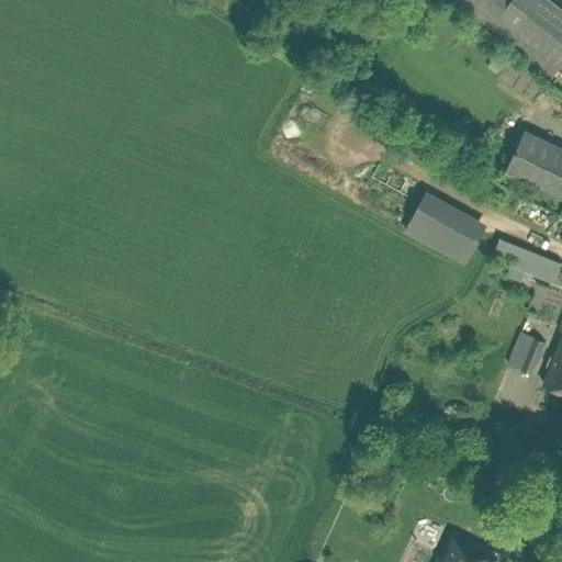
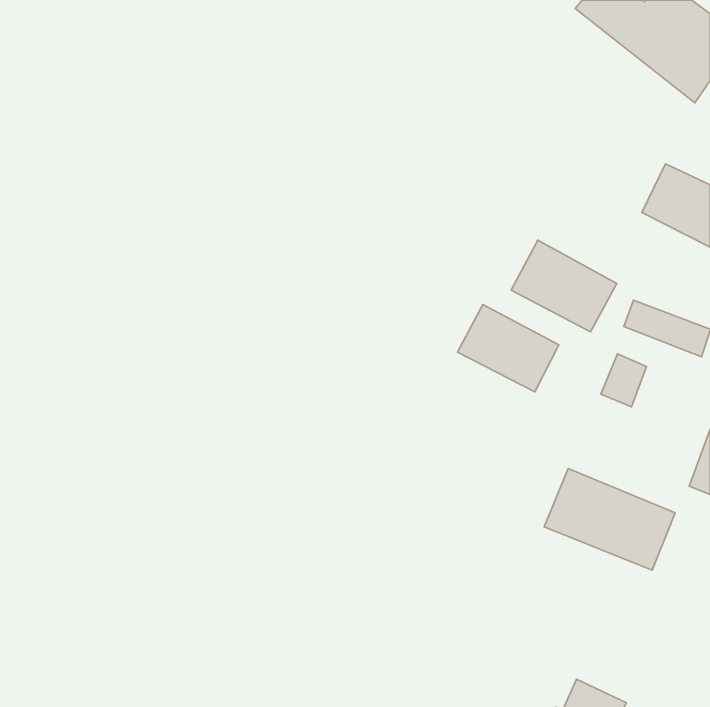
building: none -> [458,305,559,392]
building: [508,333,544,374] -> [601,354,647,407]
building: none -> [544,469,675,570]

